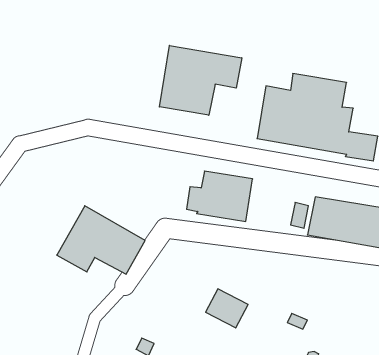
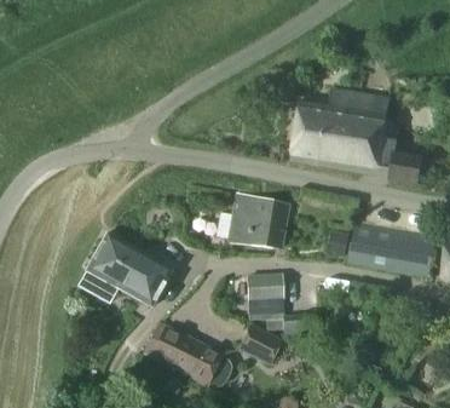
building: [159,45,242,115] -> none
building: none -> [246,271,317,337]
building: none -> [151,326,231,385]

